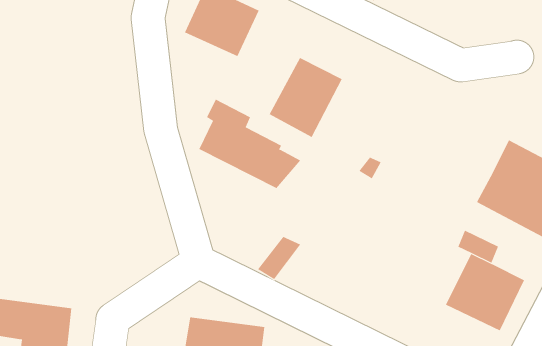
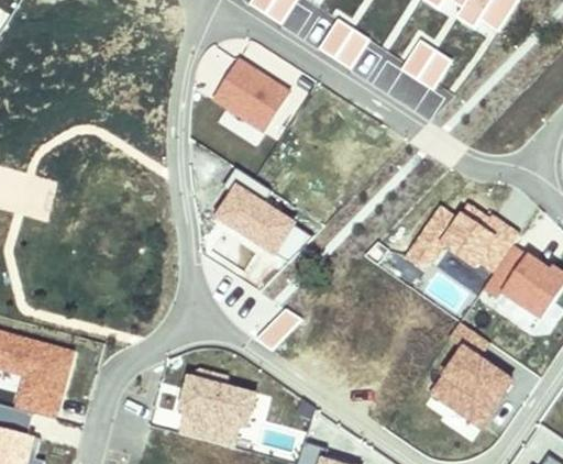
building: [269,57,342,138] -> none
building: none -> [404,202,516,270]

